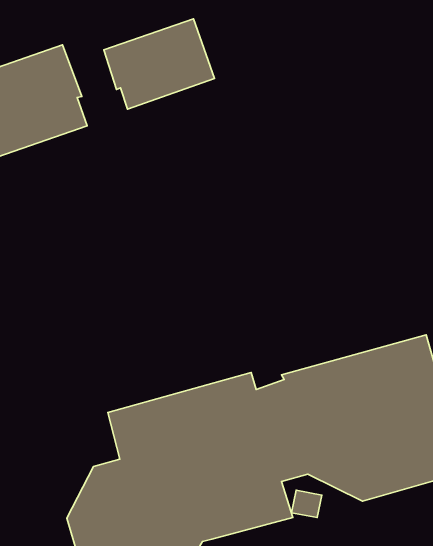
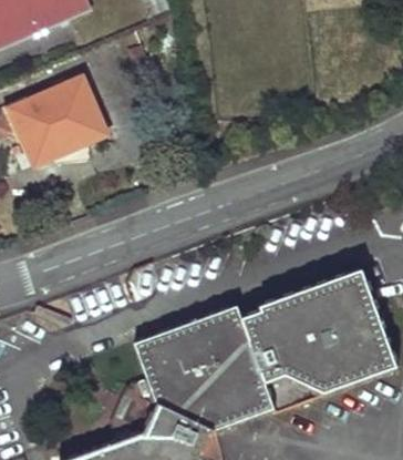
building: [104,19,214,109] -> none

